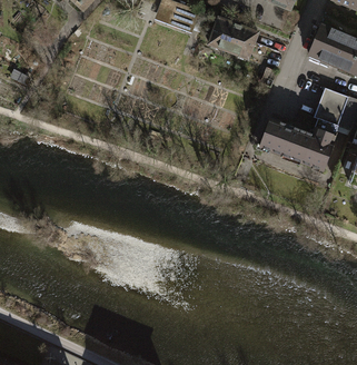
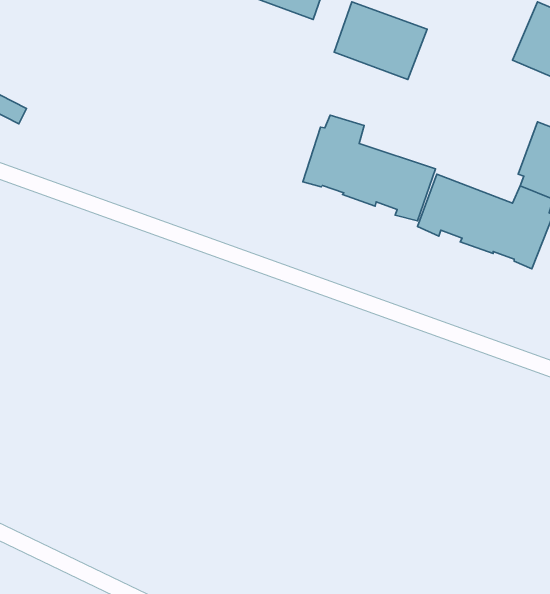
building: none -> [303,115,435,221]

